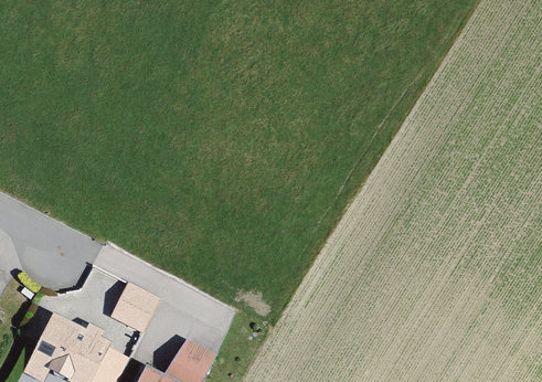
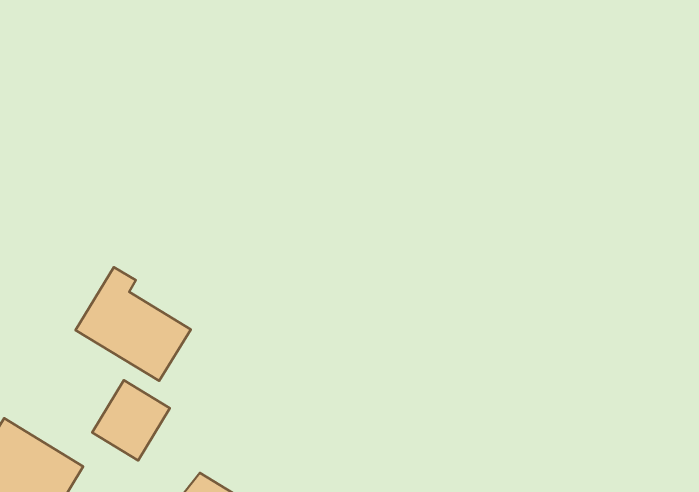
building: none -> [75,267,191,381]

